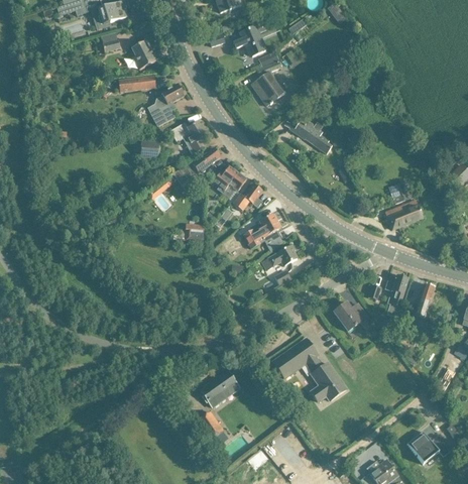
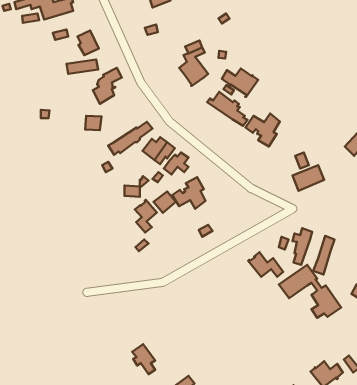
building: [233,17,268,55] -> none
building: none -> [222,68,258,97]
building: [166,121,207,153] -> none
building: none -> [246,113,280,146]
building: none -> [135,200,157,232]
building: [261,245,298,269] -> none
building: [272,338,346,400] -> [279,265,341,318]
building: [200,370,236,406] -> none

